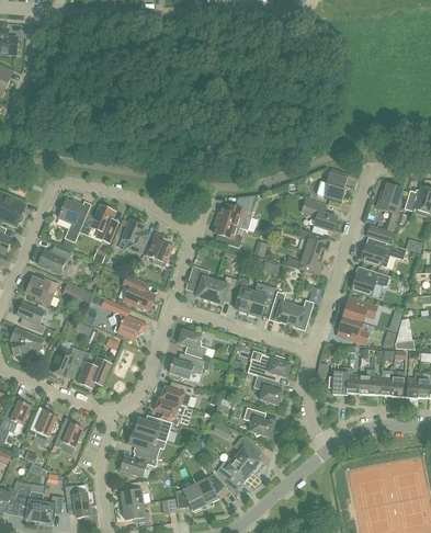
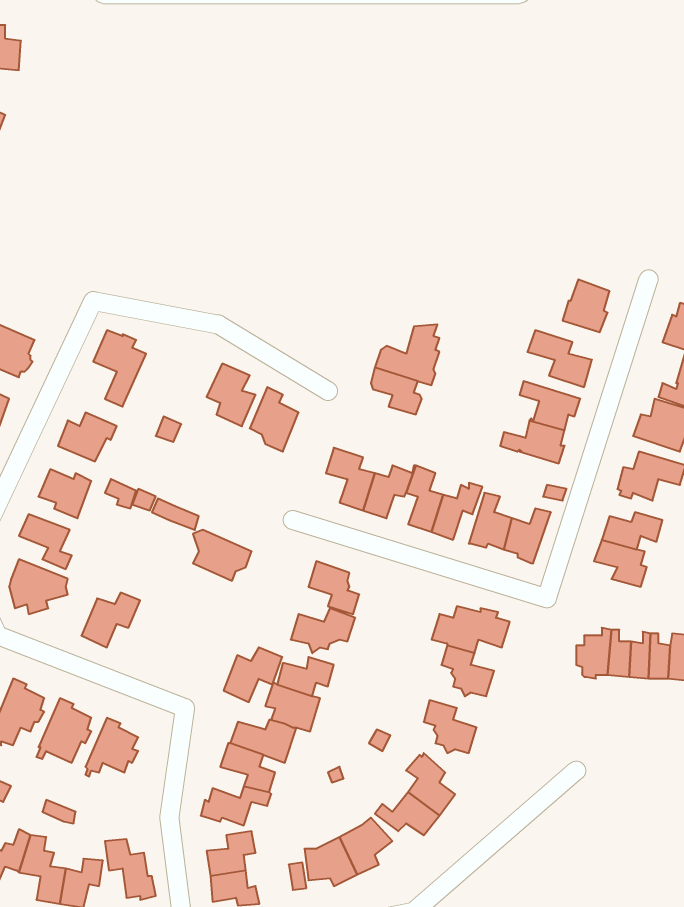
building: [90,204,114,241] -> none
building: [122,274,155,308] -> none
building: [77,356,110,387] -> [224,647,282,702]

